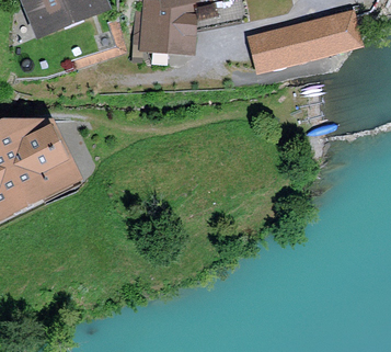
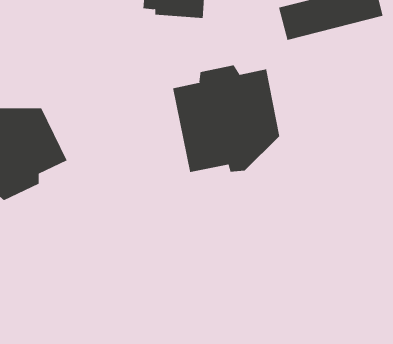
building: none -> [172,65,280,173]

